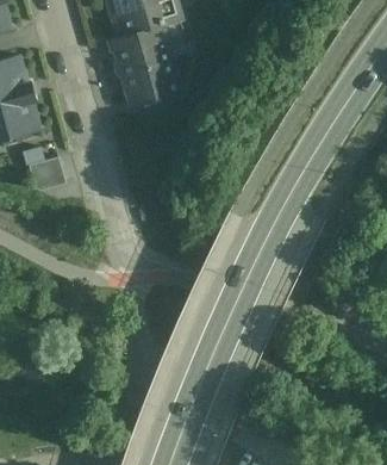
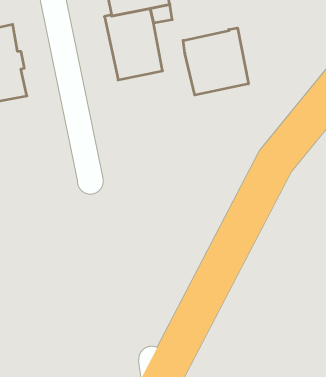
building: none -> [183,28,248,95]
building: [23,149,65,192] -> none

